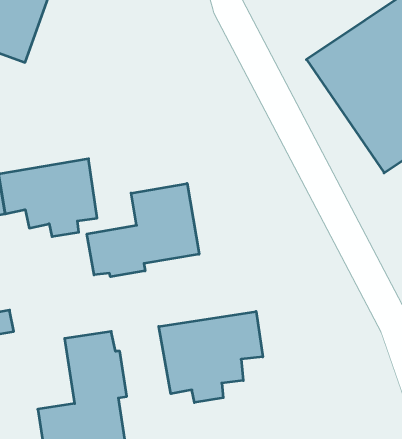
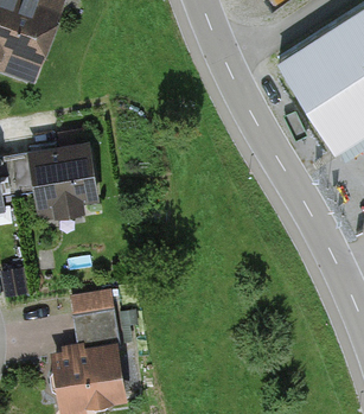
building: [87,183,199,277] -> none
building: [159,311,263,403] -> none

